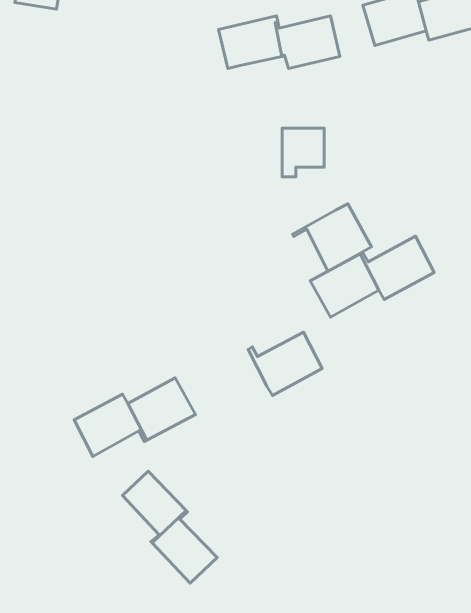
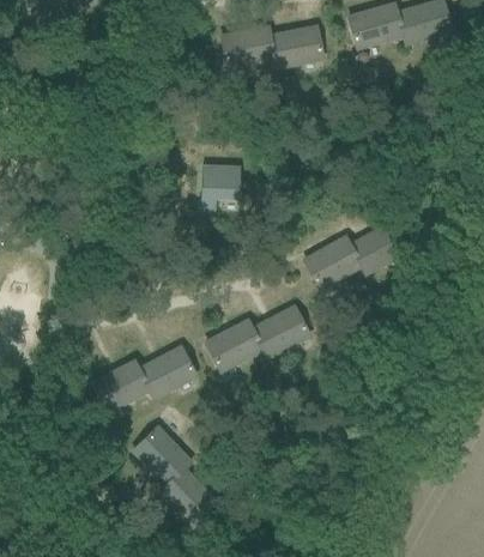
building: [282,128,324,177] -> [204,165,241,208]
building: [293,204,371,271] -> none
building: none -> [205,319,262,373]

